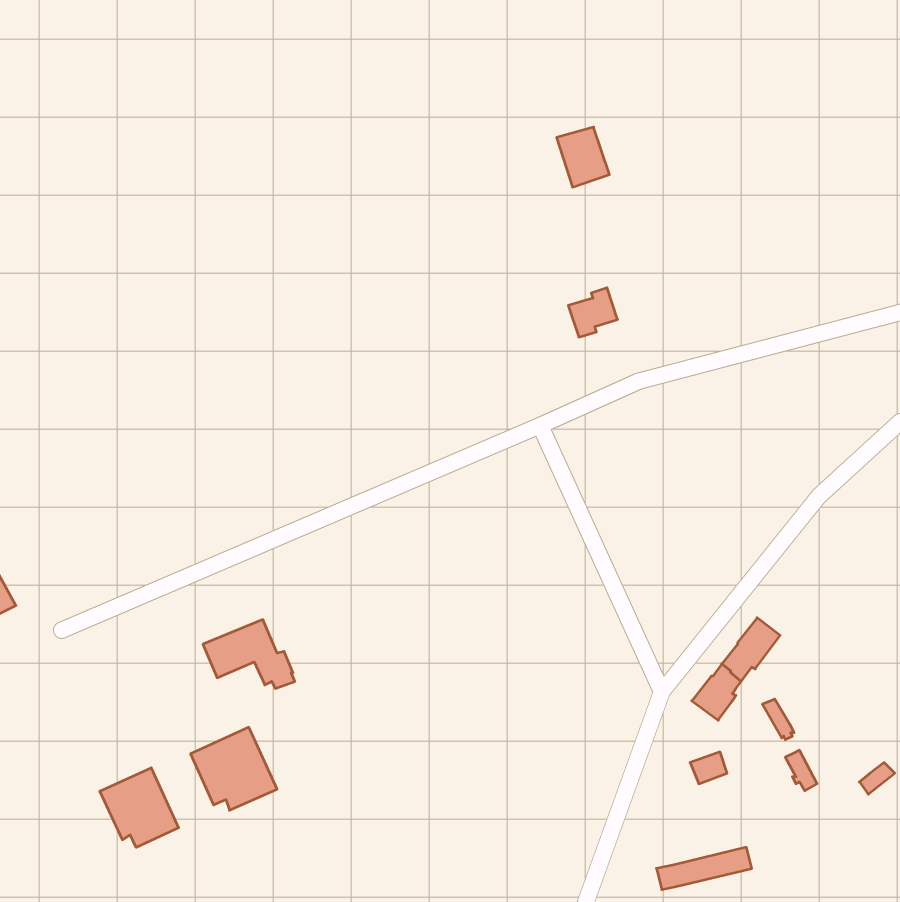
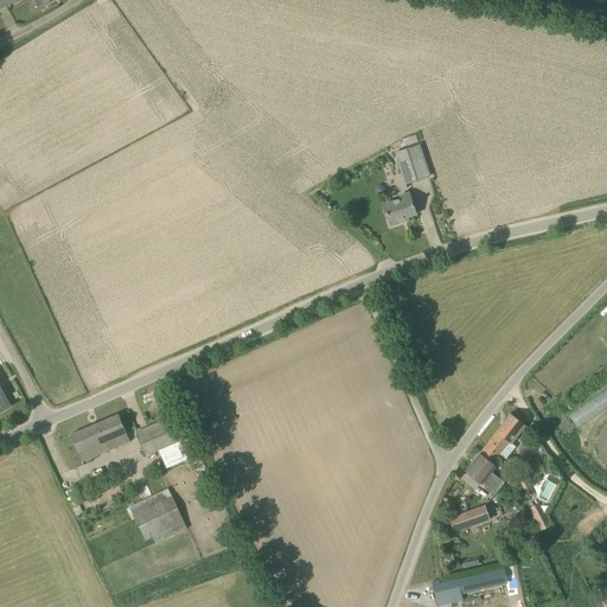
building: [557,127,609,187] -> [394,145,429,185]
building: none -> [69,415,124,462]
building: [100,768,179,847] -> none

